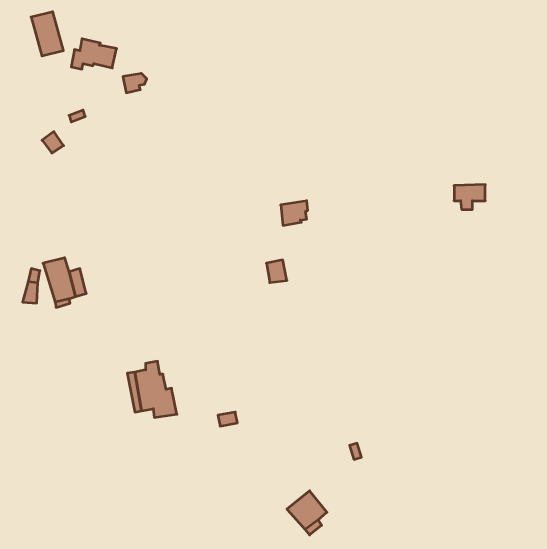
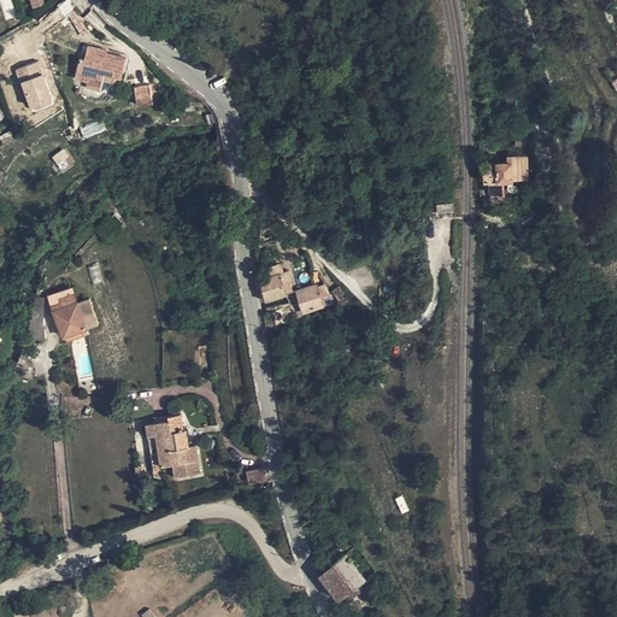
building: [31,12,63,56] -> [11,64,47,113]
building: [454,185,485,209] -> [484,166,519,194]
building: [281,201,308,225] -> [264,271,294,299]

